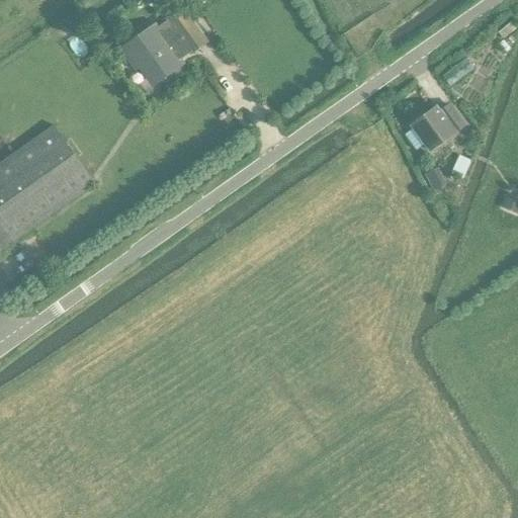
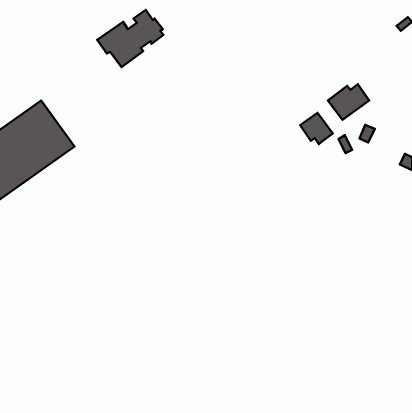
building: none -> [300,113,333,144]

